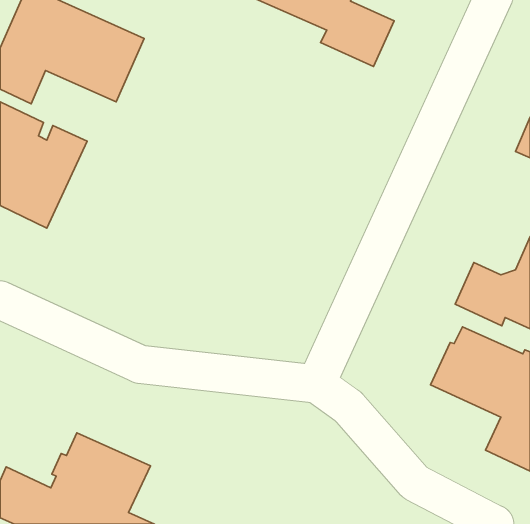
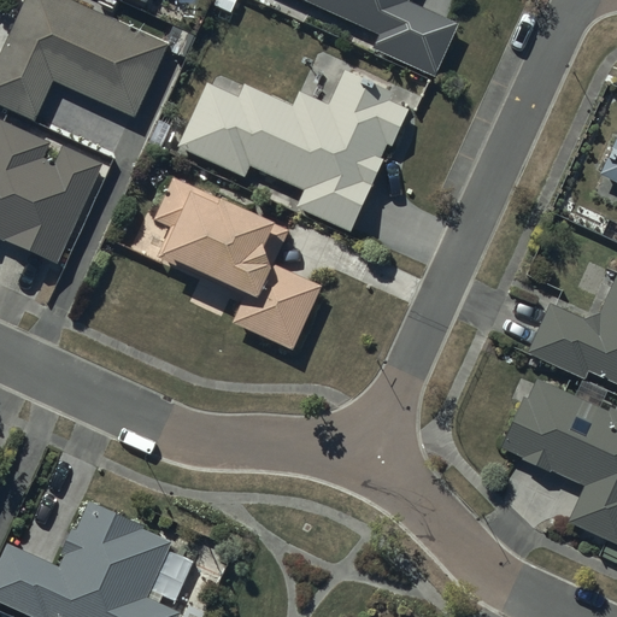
building: none -> [176,70,409,233]
building: none -> [152,177,319,349]

